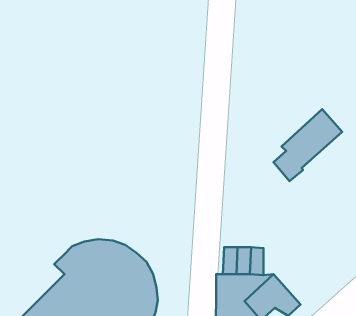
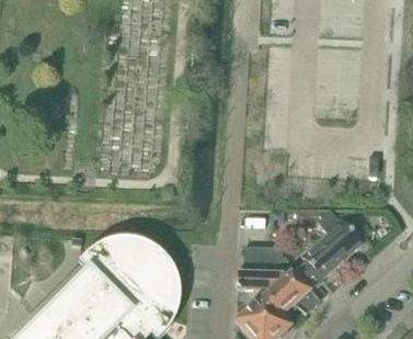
building: [274,109,342,181] -> [296,218,363,289]

